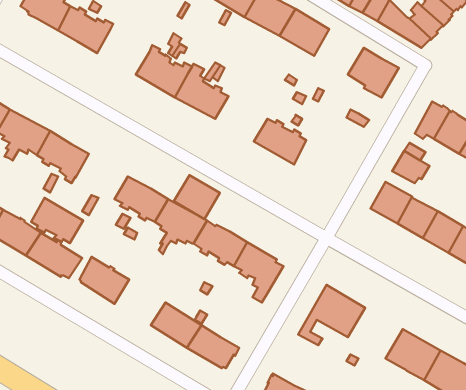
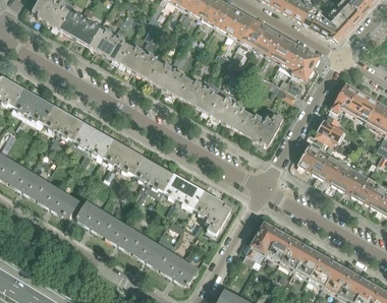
building: none -> [90,23,129,62]
building: none -> [255,27,292,62]
building: none -> [179,78,223,113]
building: none -> [238,105,284,144]
building: [174,175,220,219] -> none
building: [31,198,83,243] -> [73,122,113,157]
building: none -> [103,218,142,252]
building: none -> [280,239,322,278]

